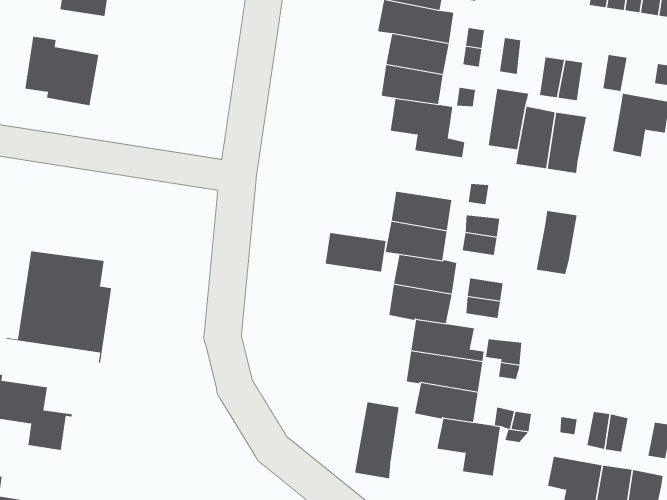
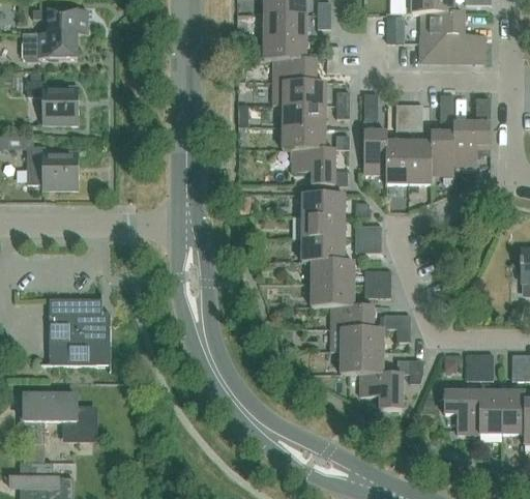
building: [536,211,578,274] -> [430,131,453,175]
building: [325,232,386,272] -> [302,194,344,216]
building: [354,401,399,479] -> none

